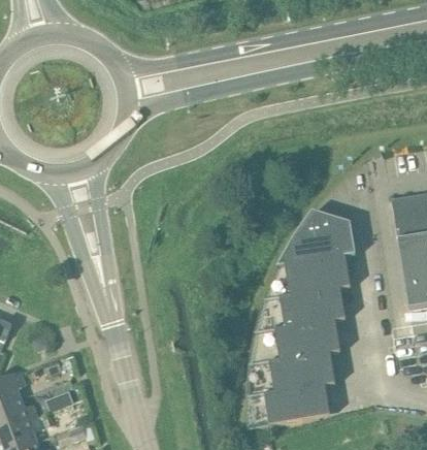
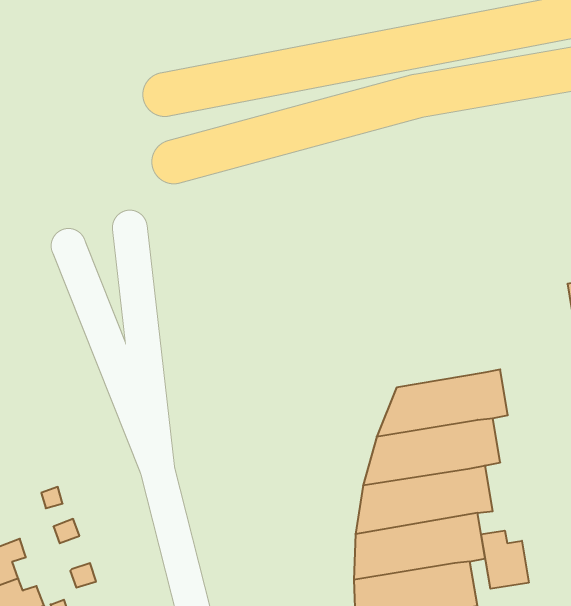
building: [275,213,356,270] -> none
building: none -> [481,531,529,589]

